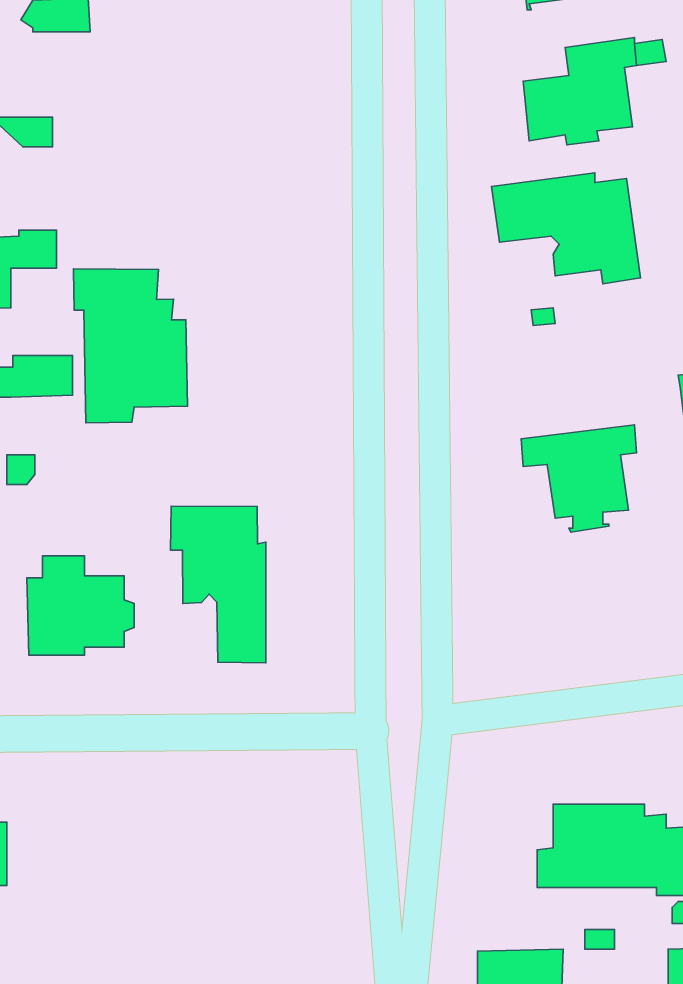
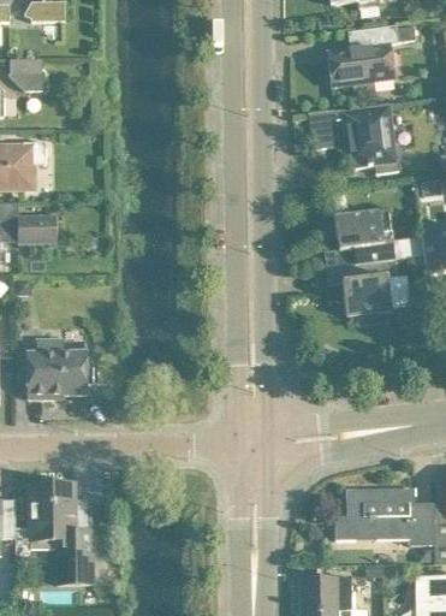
building: [74,269,187,423] -> none
building: none -> [325,209,396,267]
building: [171,506,266,663] -> none
building: none -> [30,481,94,584]

